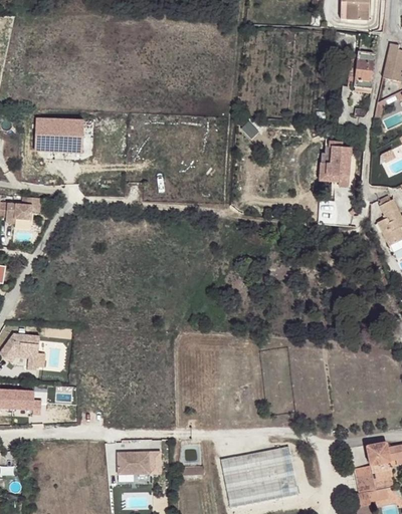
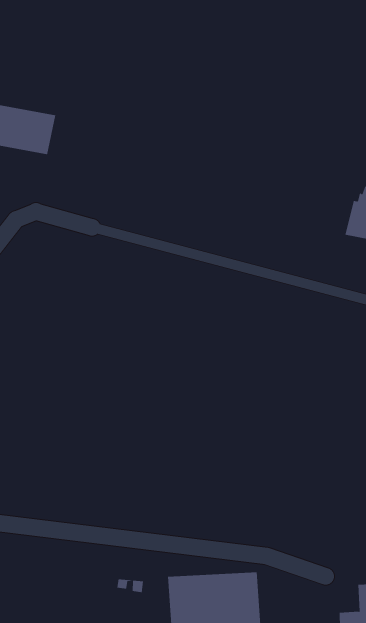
building: [118,451,150,474] -> none

